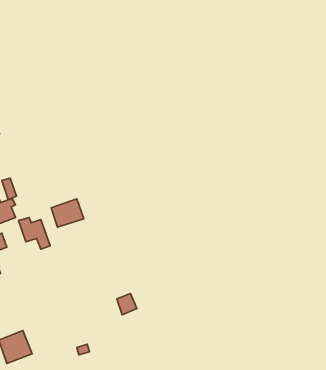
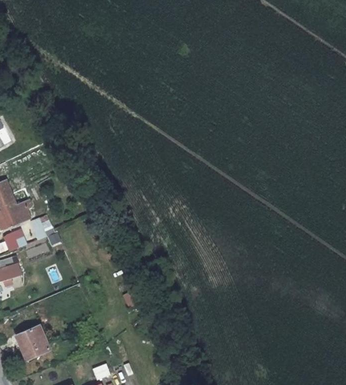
building: [51,199,84,227] -> none

